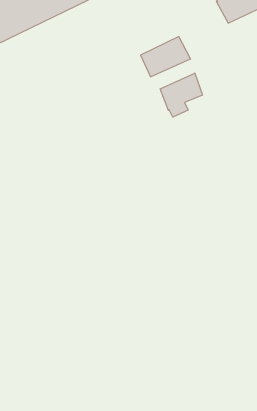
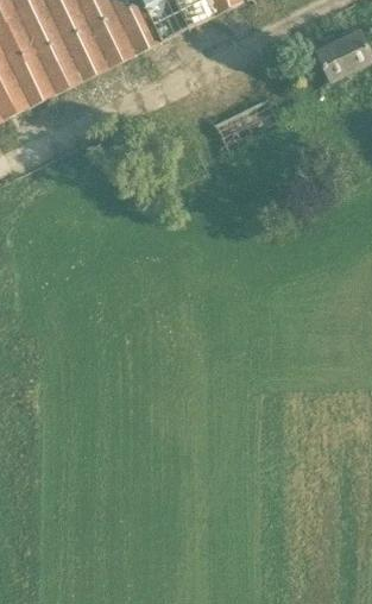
building: [160,73,203,117] -> none

